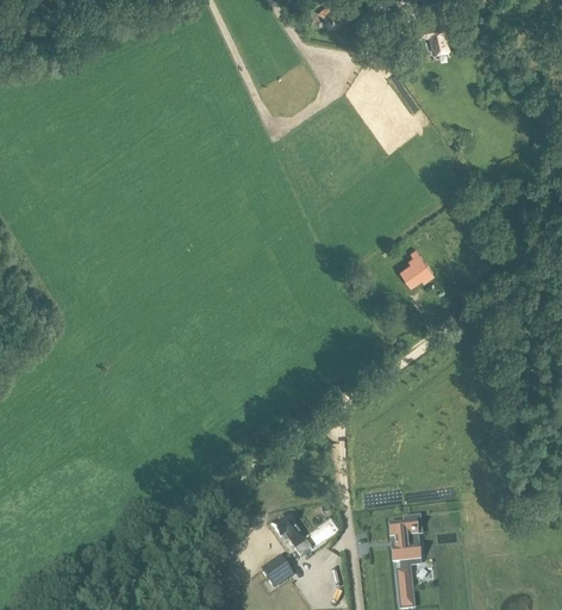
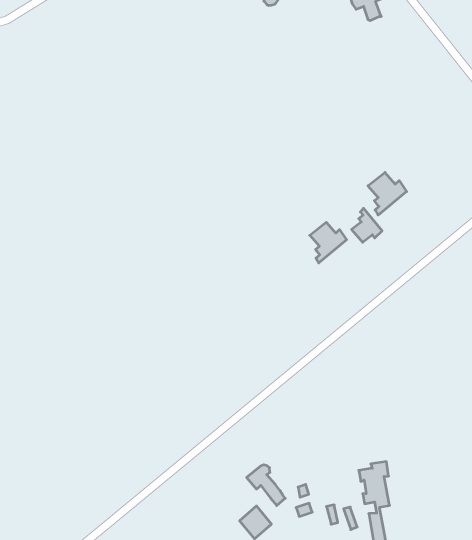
building: none -> [368,172,407,215]
building: none -> [310,222,347,263]

